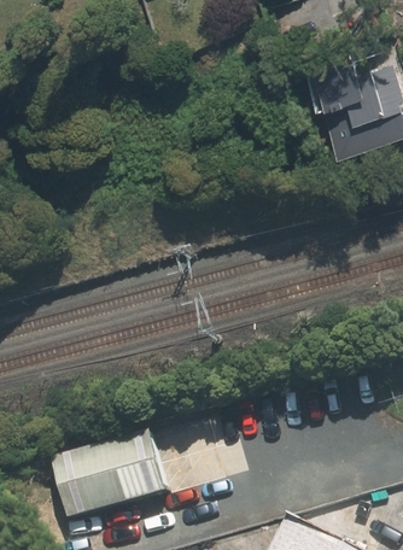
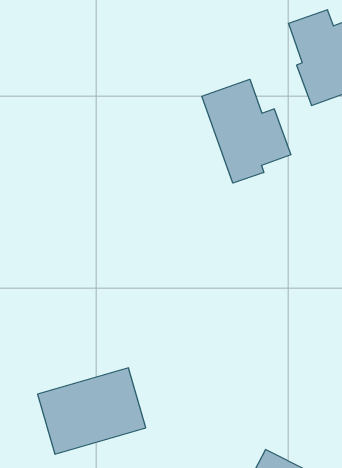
building: none -> [202,79,291,183]

